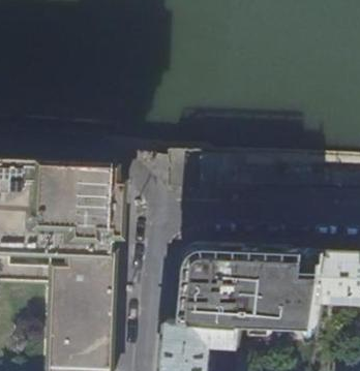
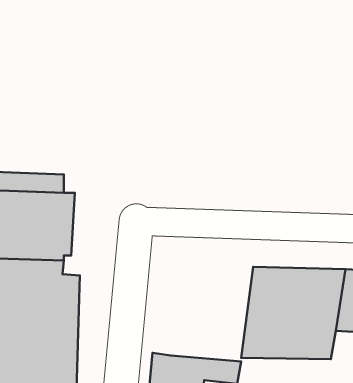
building: [179,251,248,333] -> none

